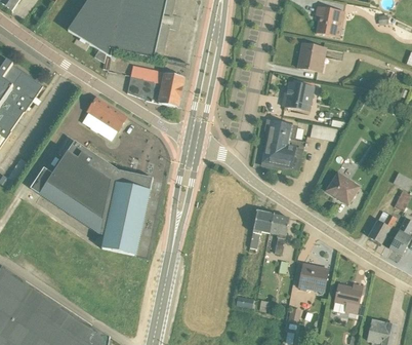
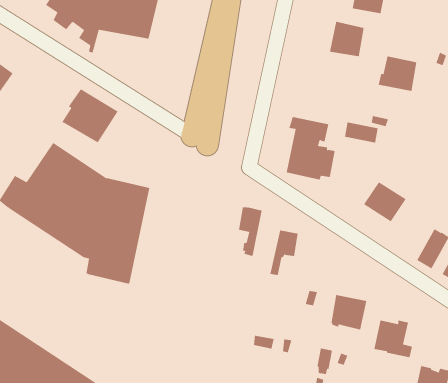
building: [126,66,183,108] -> none
building: [282,82,314,111] -> [378,56,417,91]
building: [270,215,289,255] -> [238,207,262,256]

